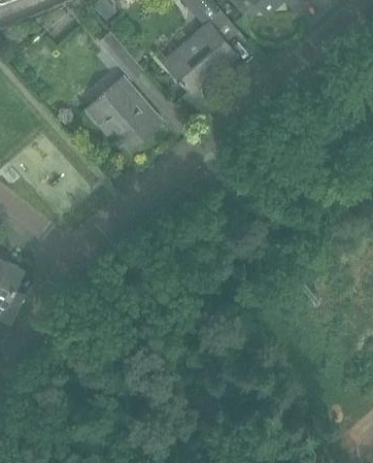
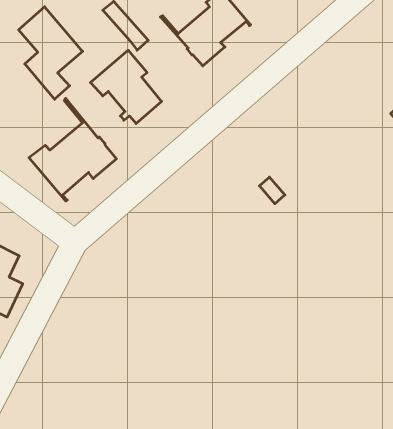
building: none -> [19,7,83,99]
building: none -> [29,98,116,201]

